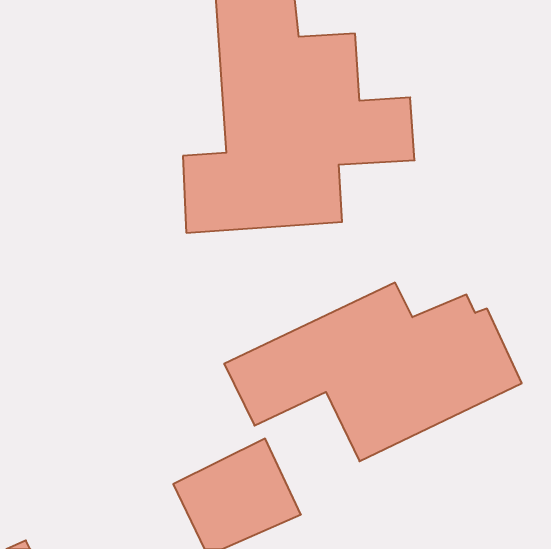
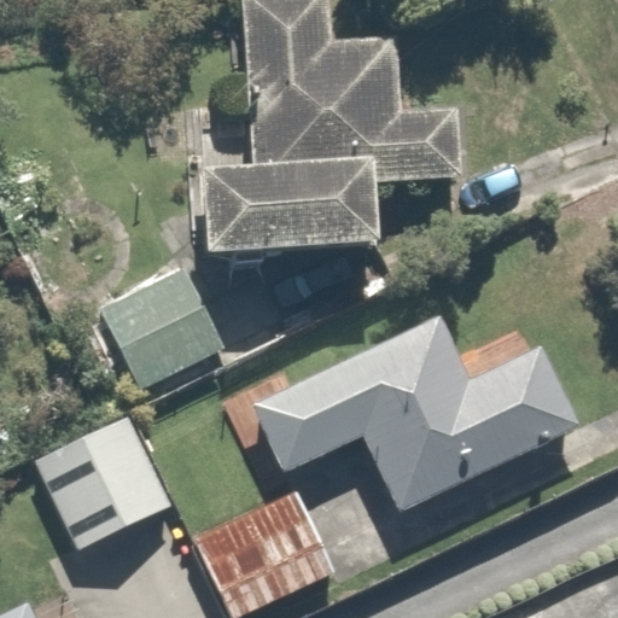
building: none -> [100,268,225,390]
building: none -> [34,416,171,552]

